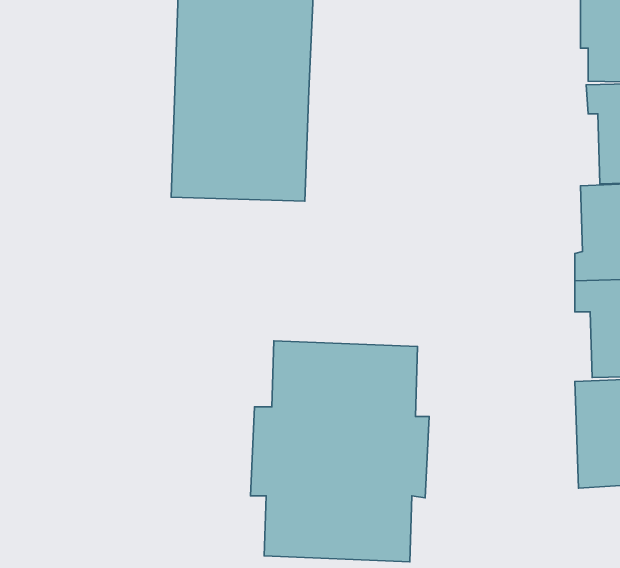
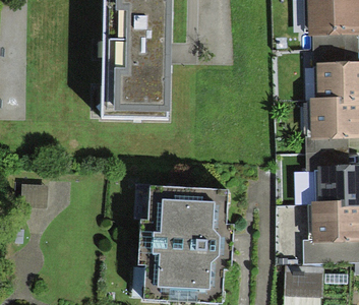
building: none -> [286,271,321,299]

